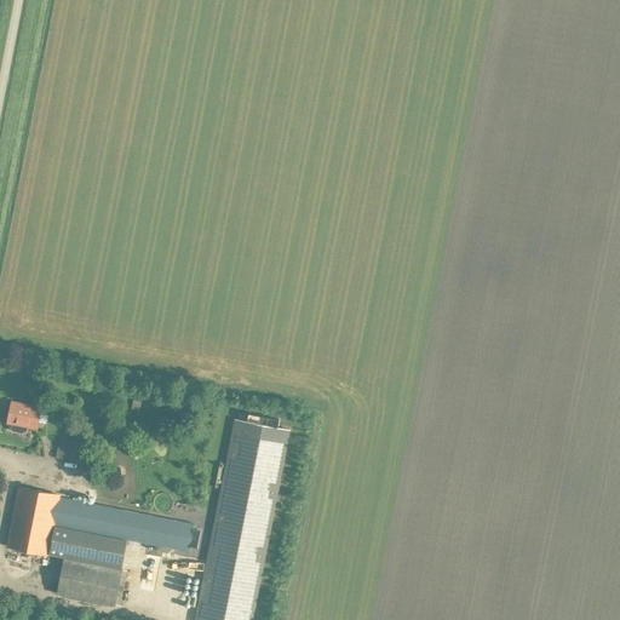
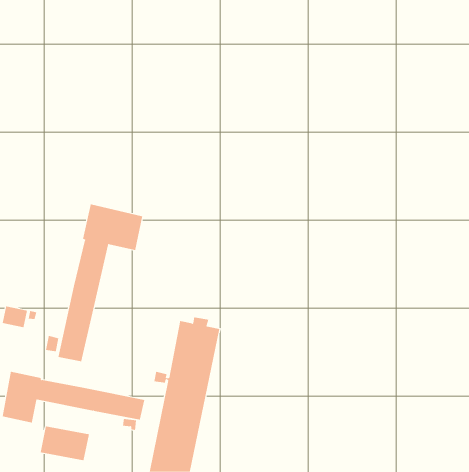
building: none -> [58,203,143,362]
building: [42,524,122,569] -> none

